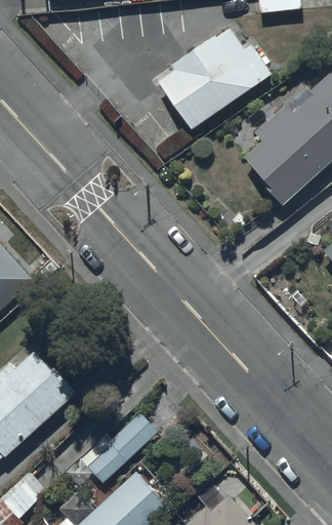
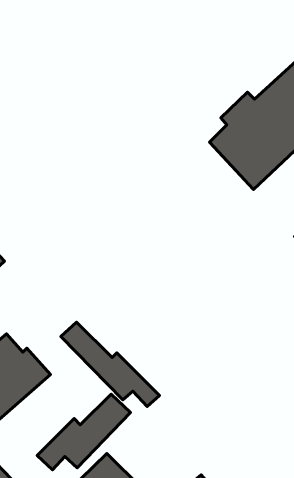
building: [152,28,268,130] -> none
building: none -> [61,322,160,407]

